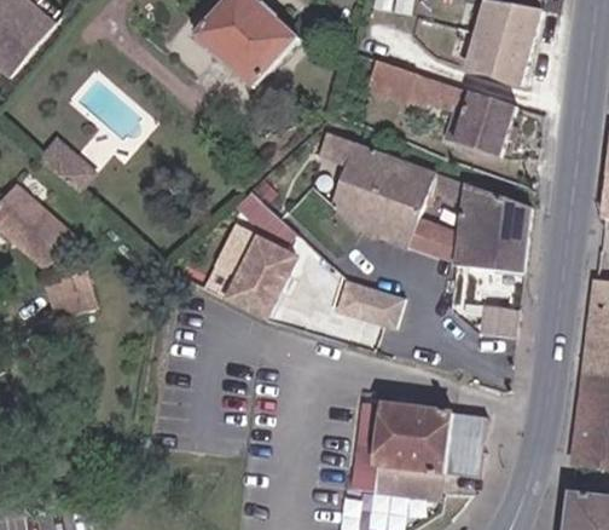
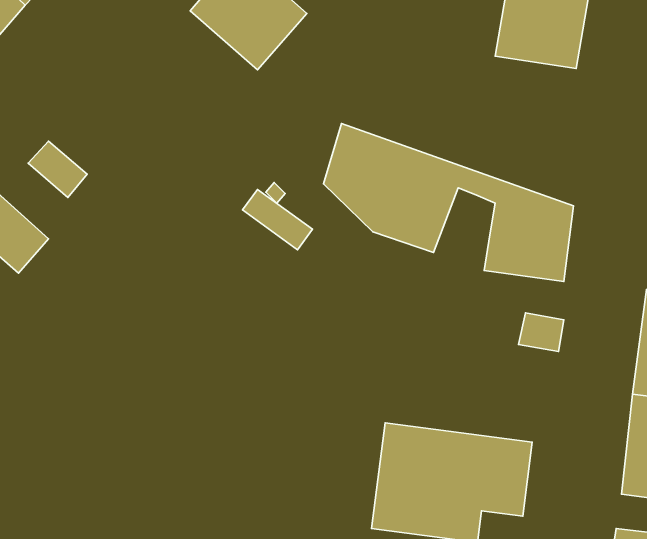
building: [362,56,510,159] -> none
building: [406,190,456,263] -> none
building: [215,227,292,321] -> none
building: [47,270,91,317] -> none
building: [335,280,401,327] -> none

